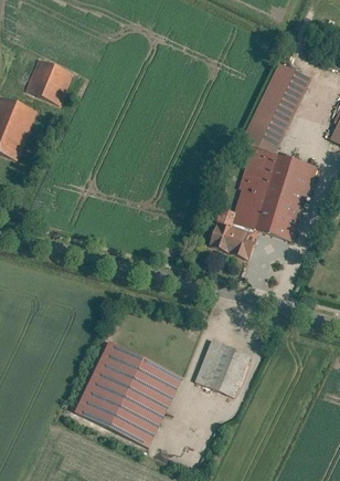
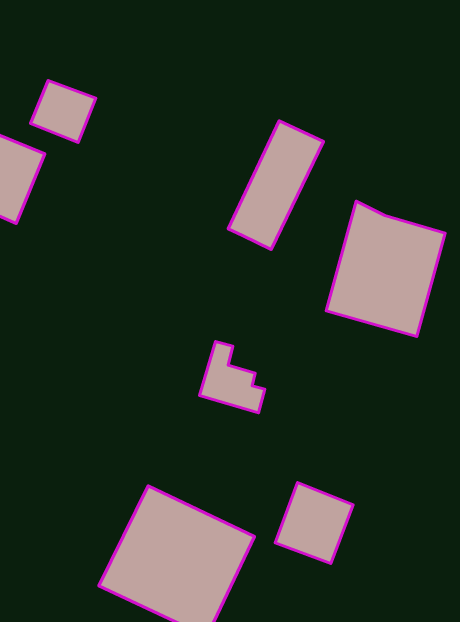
building: [242,64,308,154] -> [228,121,324,250]
building: [208,208,253,258] -> [200,341,265,413]

